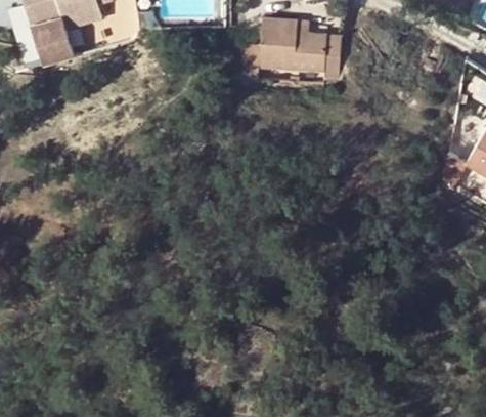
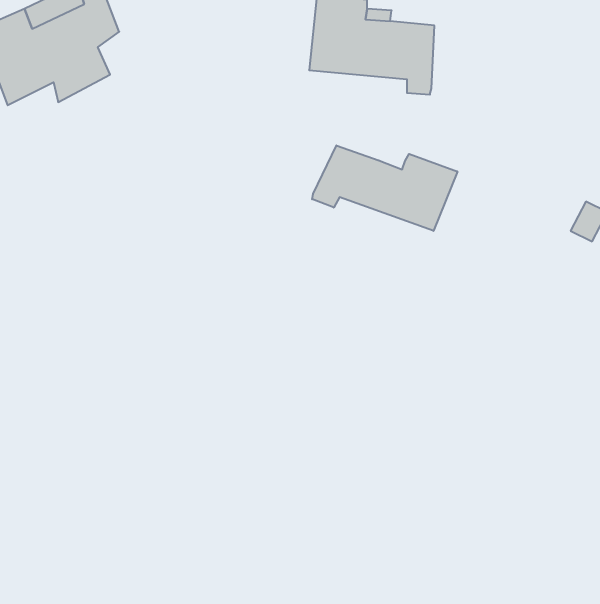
building: none -> [312,145,457,231]

